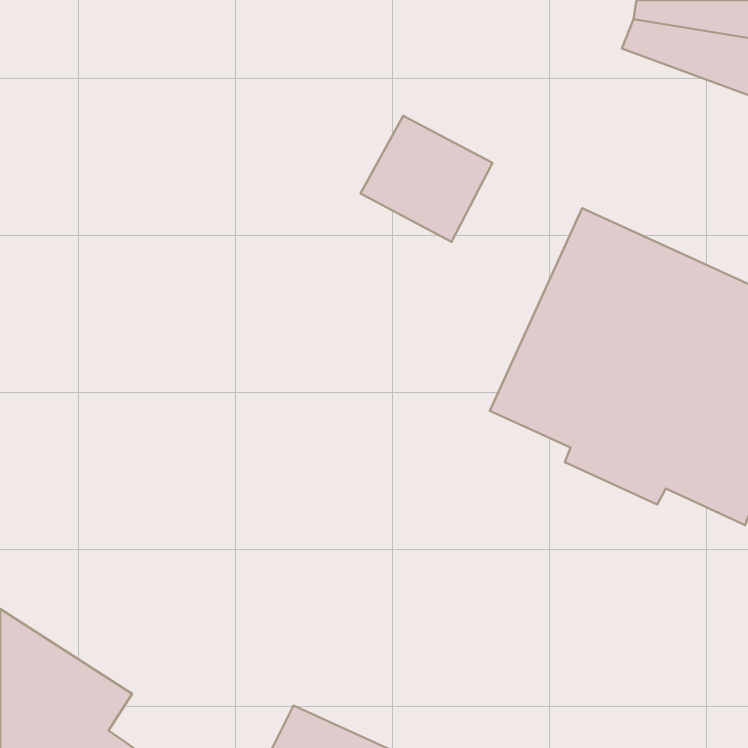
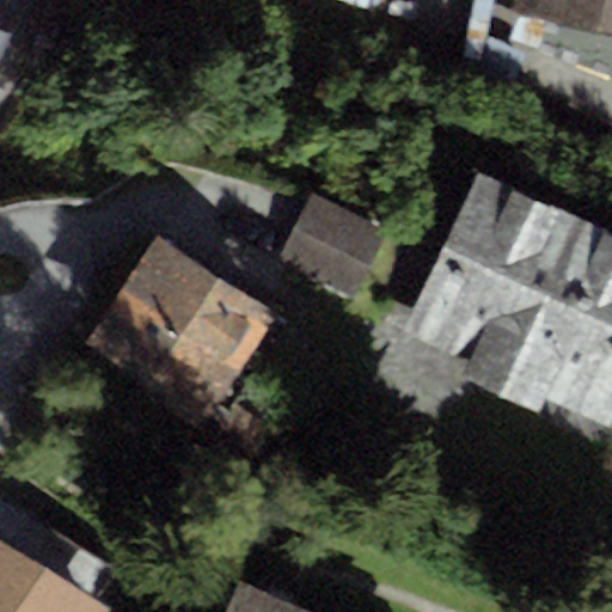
building: [361,116,493,242] -> [279,196,386,299]
building: none -> [85,235,277,432]

